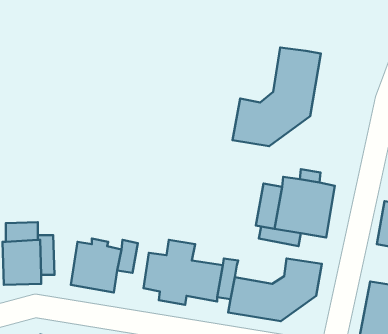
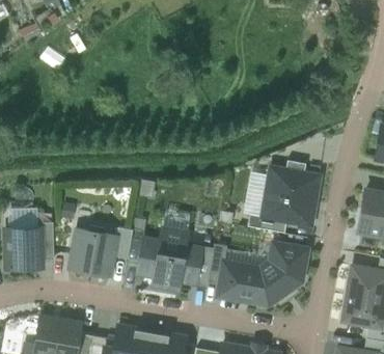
building: [233,47,321,146] -> none
building: none -> [224,242,273,269]

